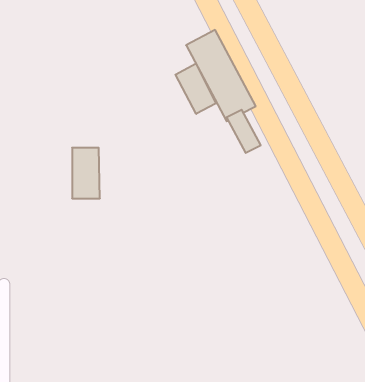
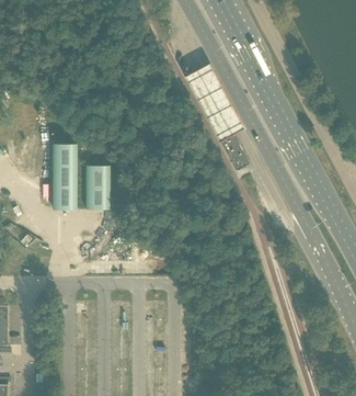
building: [175,64,216,114] -> none
building: none -> [51,143,77,208]

